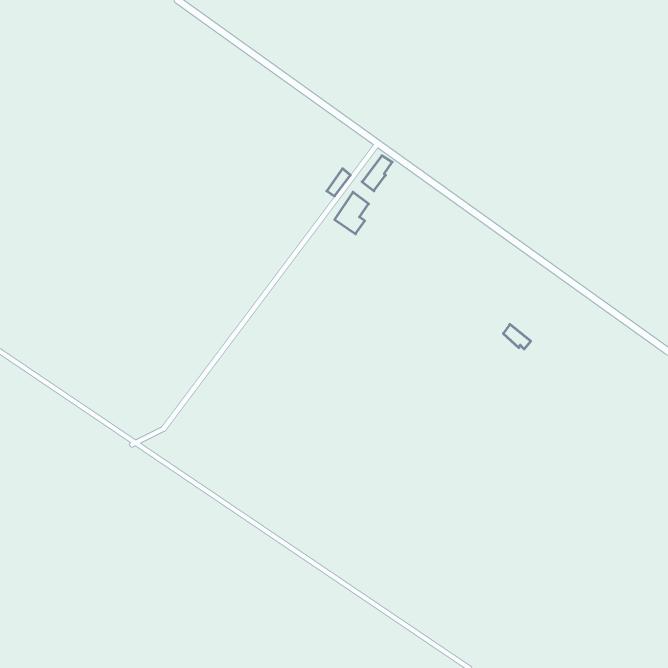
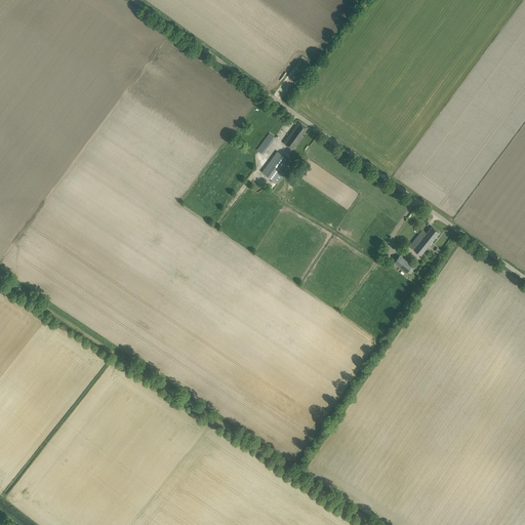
building: none -> [409,227,439,255]

